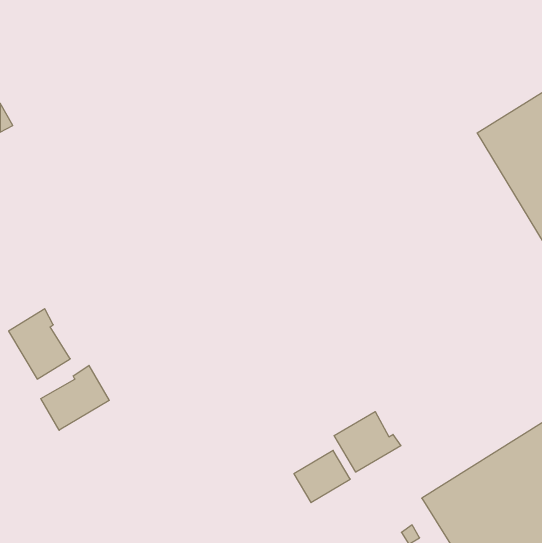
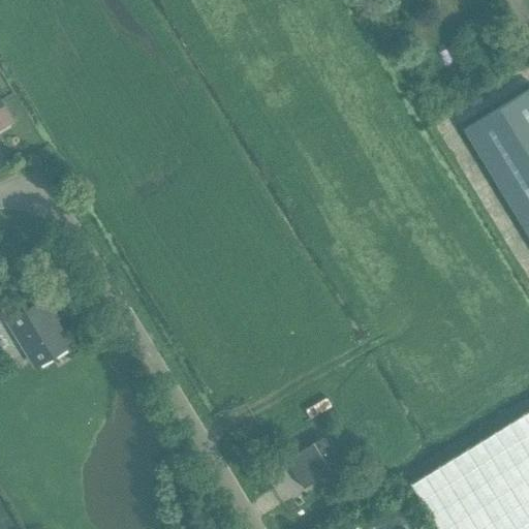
building: [41,365,109,430] -> none
building: [334,412,401,472] -> none

